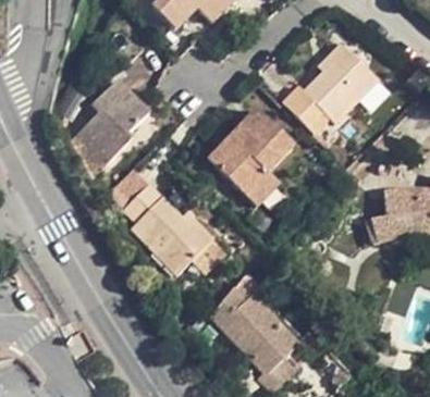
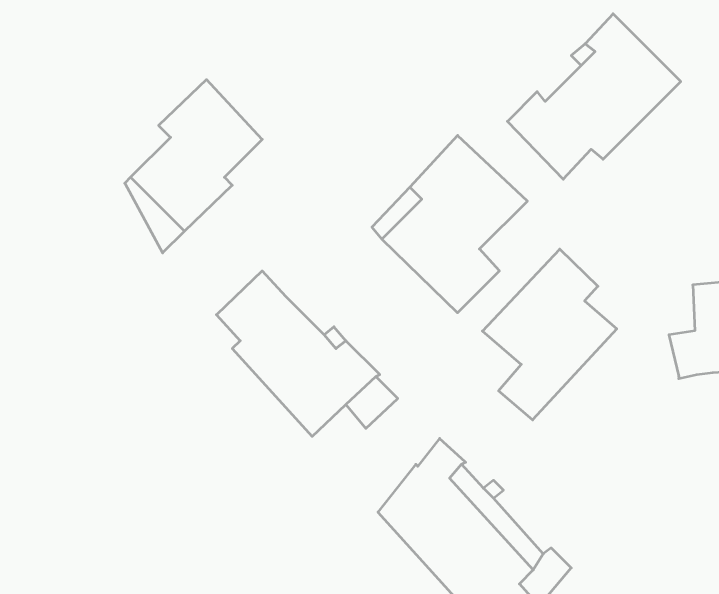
building: none -> [482,249,617,420]

